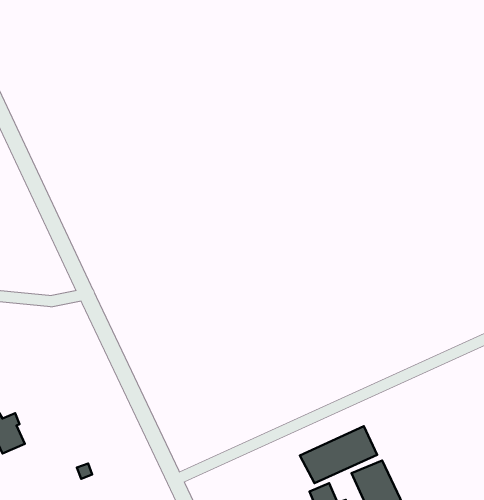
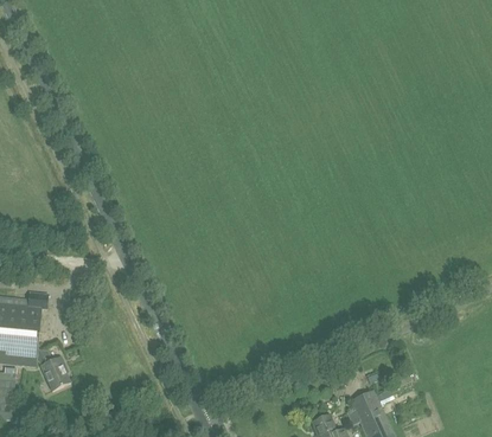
building: [300,426,377,483] -> none

